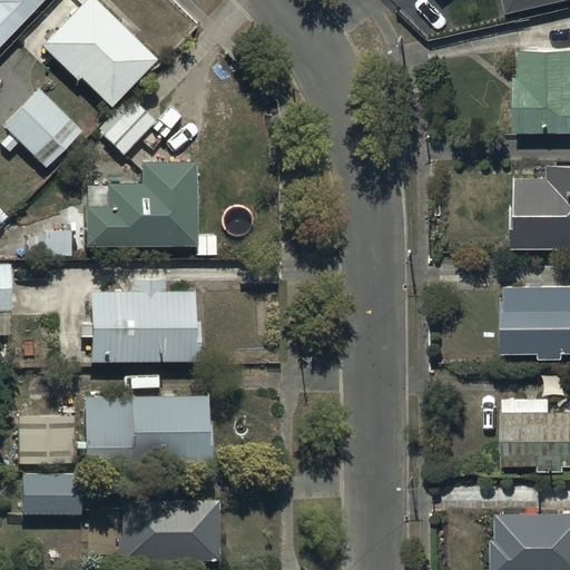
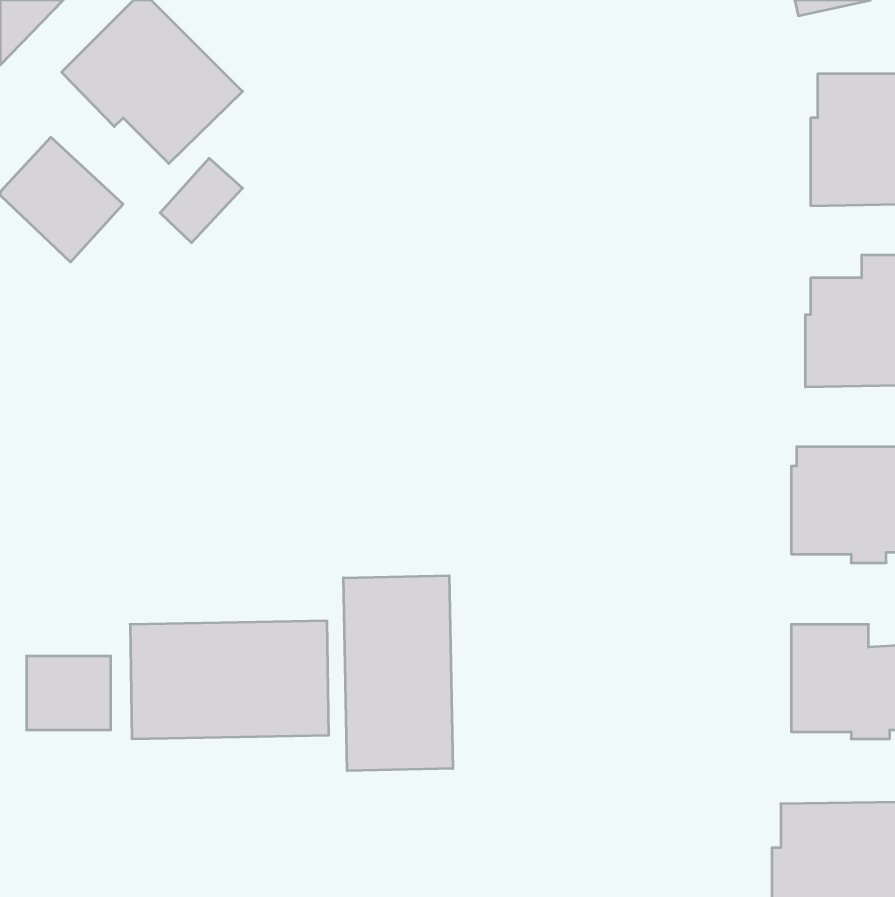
building: [86,160,197,246] -> none
building: [90,292,200,363] -> none
building: none -> [344,576,453,771]
building: [22,473,79,513] -> none
building: [116,498,218,561] -> none

